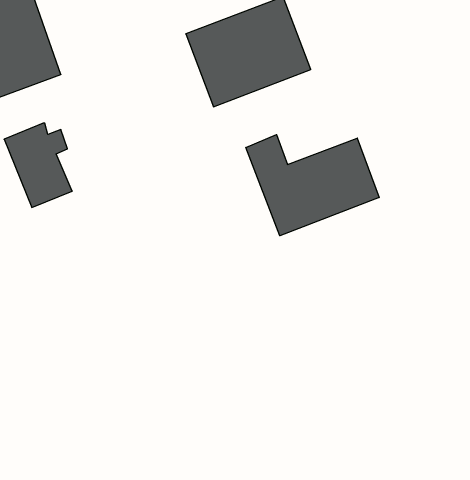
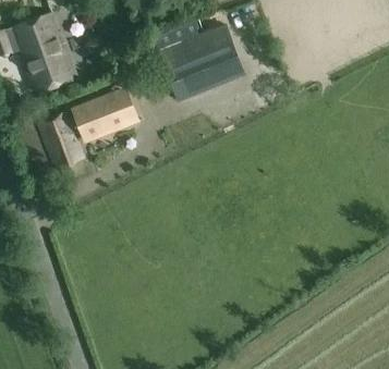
building: none -> [74,90,130,140]
building: [246,135,379,236] -> none

